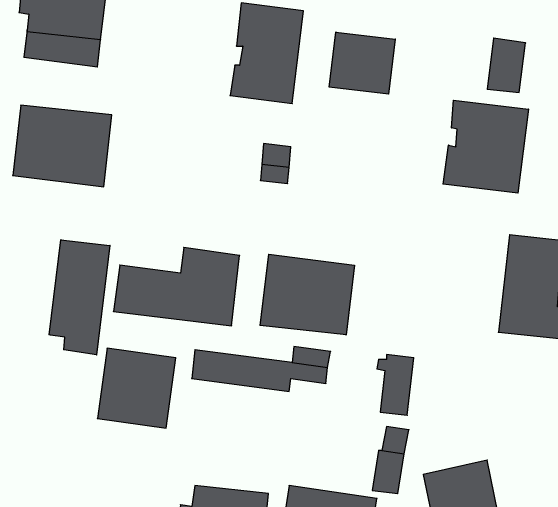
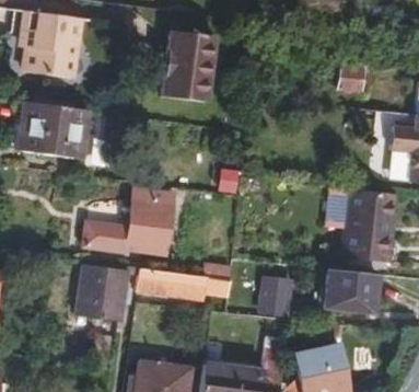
building: [329,32,395,94] -> none
building: [443,100,528,193] -> none
building: [49,240,110,355] -> none
building: [260,254,354,335] -> none
building: none -> [323,268,377,313]

